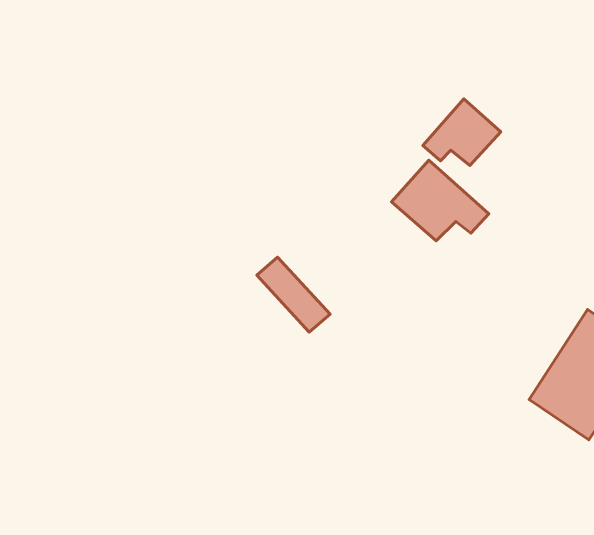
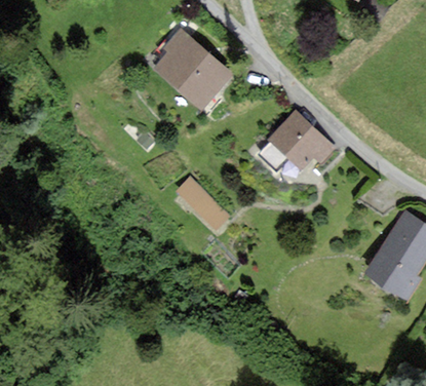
building: none -> [153,28,232,110]
building: [423,99,501,166] -> none

